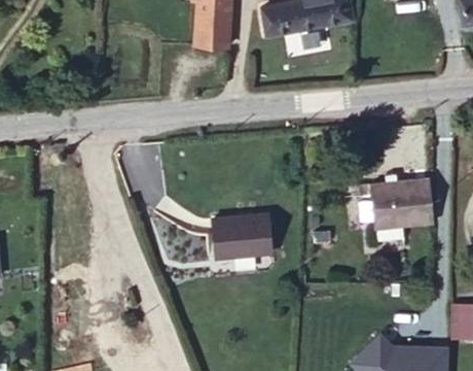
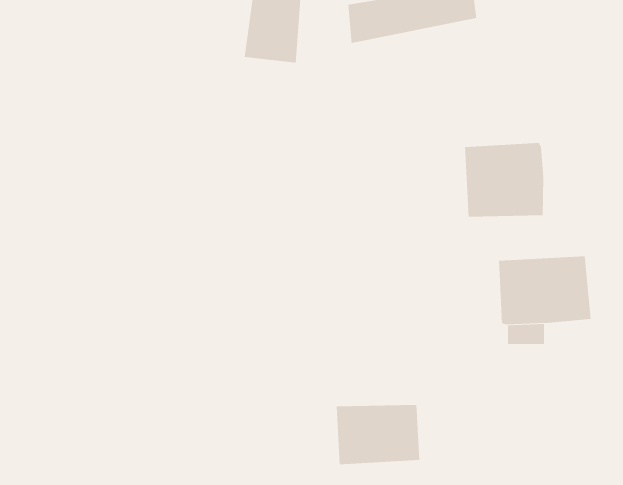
building: none -> [465,142,544,217]
building: [212,209,269,250] -> [336,405,420,465]

